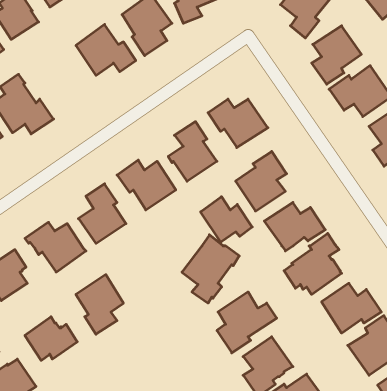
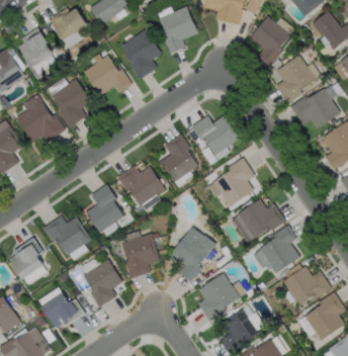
building: none -> [52,79,91,128]
building: [201,197,252,242] -> none
building: none -> [123,233,160,278]

